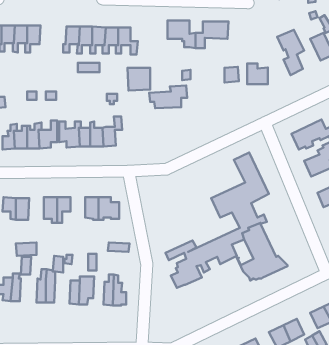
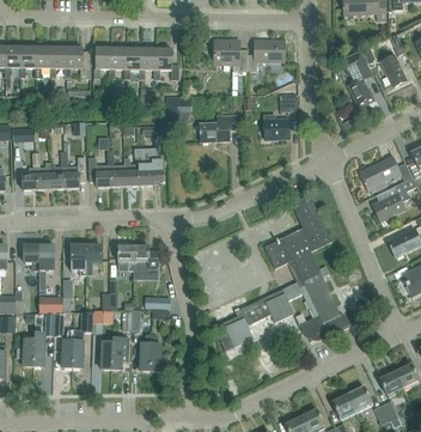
building: none -> [65,45,91,78]
building: [247,64,268,84] -> [264,114,288,138]

